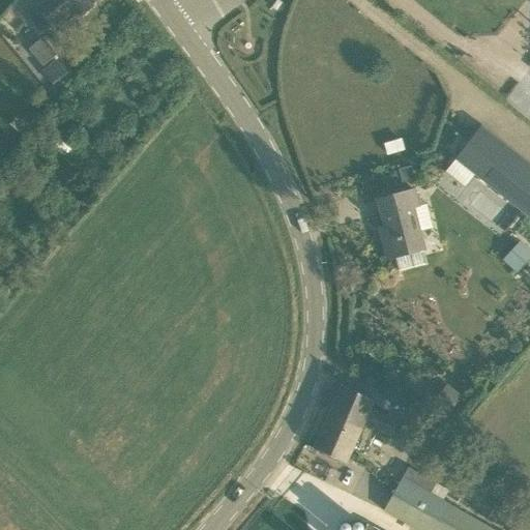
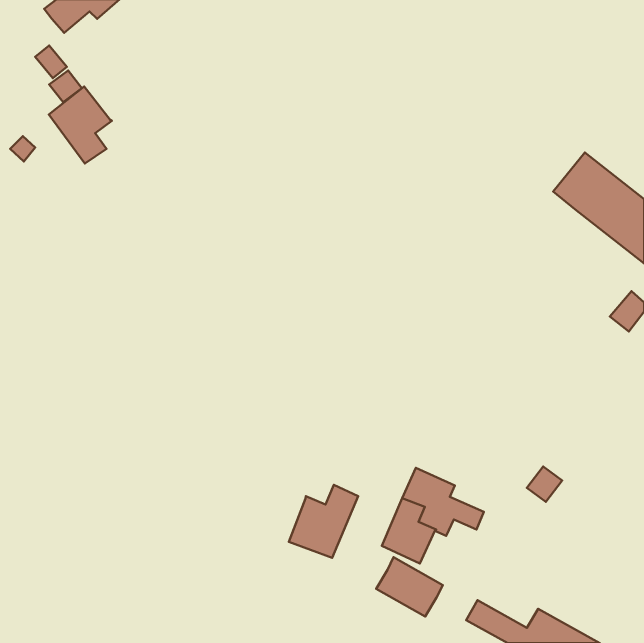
building: none -> [49,87,112,164]
building: [377,188,425,269] -> none
building: none -> [289,485,358,558]
building: [392,467,447,516] -> [376,557,443,617]

